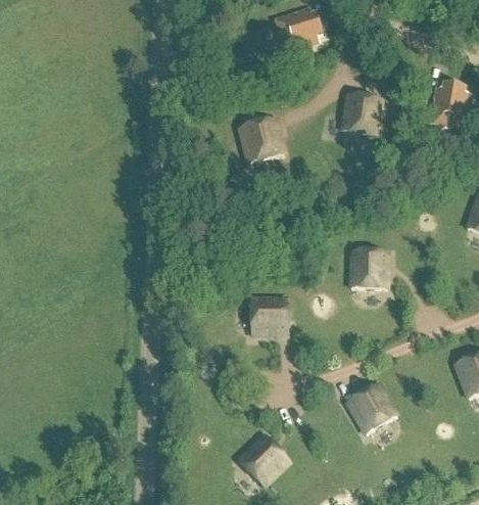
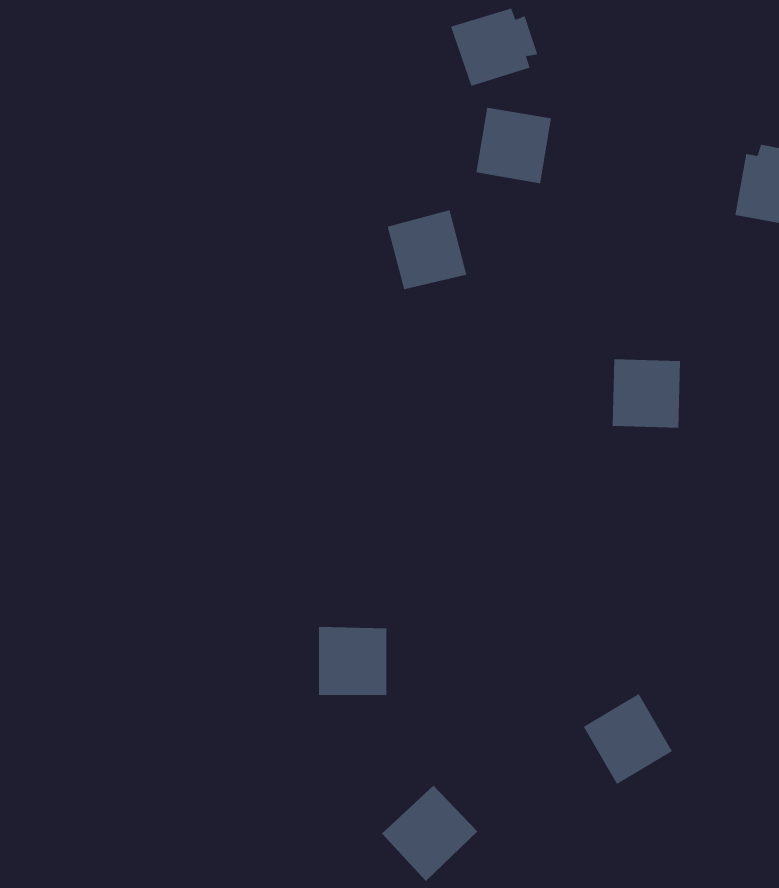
building: [341,94,383,136] -> [475,107,552,184]
building: [349,249,387,287] -> [612,359,681,428]
building: [247,293,285,331] -> [318,626,387,695]

